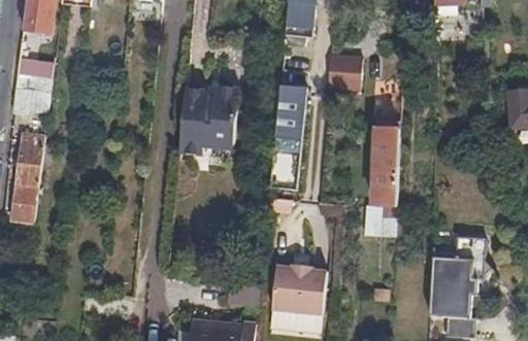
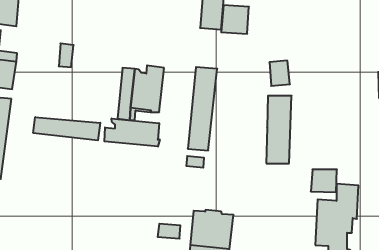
building: [328,50,363,87] -> [221,5,249,34]
building: none -> [33,117,100,140]
building: none -> [104,118,160,147]
building: [364,207,397,236] -> [311,169,337,192]

